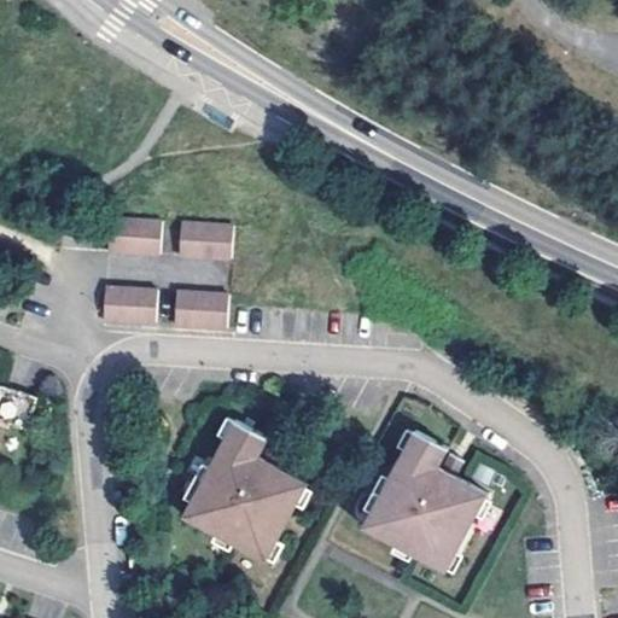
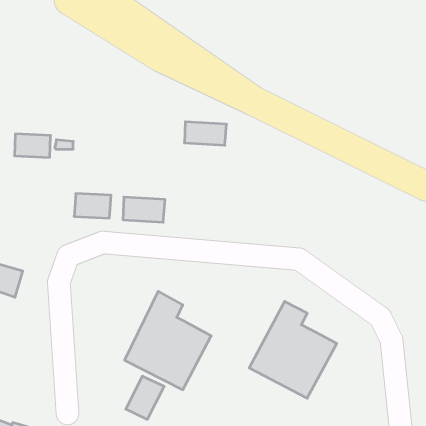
building: [112,210,164,244] -> [14,134,51,157]
building: [181,215,241,249] -> [184,122,227,145]
building: none -> [126,376,164,419]

